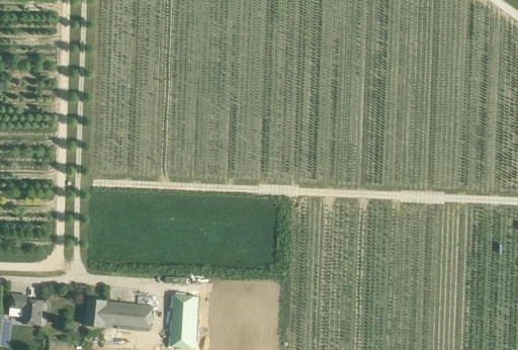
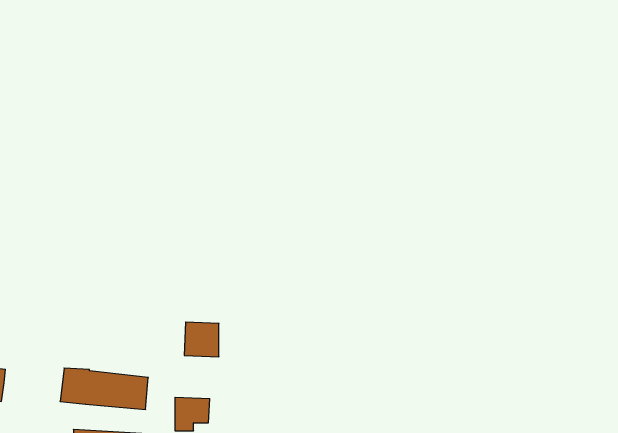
building: [171,296,197,323] -> [184,322,219,357]

